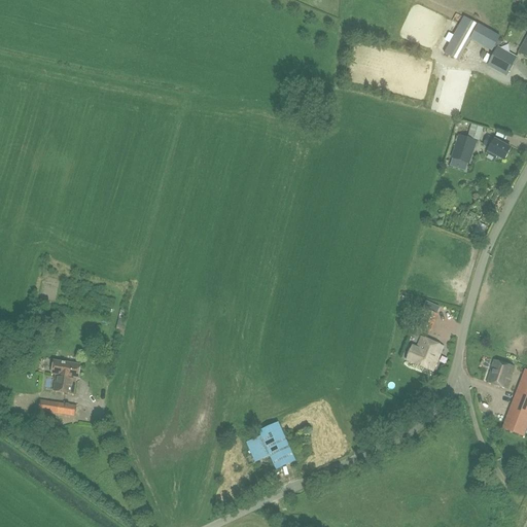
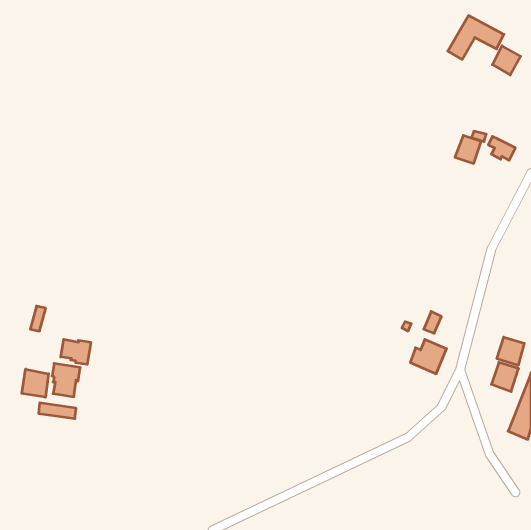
building: none -> [497,337,524,365]
building: none -> [61,339,91,364]
building: none -> [22,369,49,397]
building: [245,421,294,467] -> none

